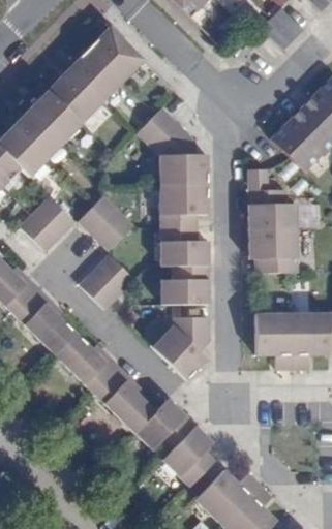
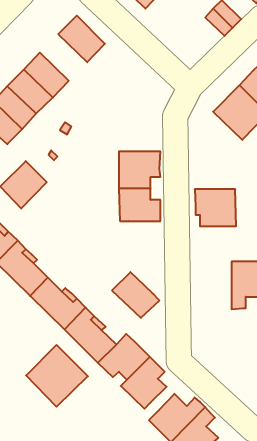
building: [66,48,122,102] -> none
building: [137,107,208,185] -> none
building: [248,190,296,229] -> none
building: [78,196,133,251] -> none
building: [79,255,134,310] -> none
building: [160,267,208,306] -> none
building: [254,314,292,370] -> none
building: [173,317,209,351] -> none
building: none -> [26,345,88,407]

